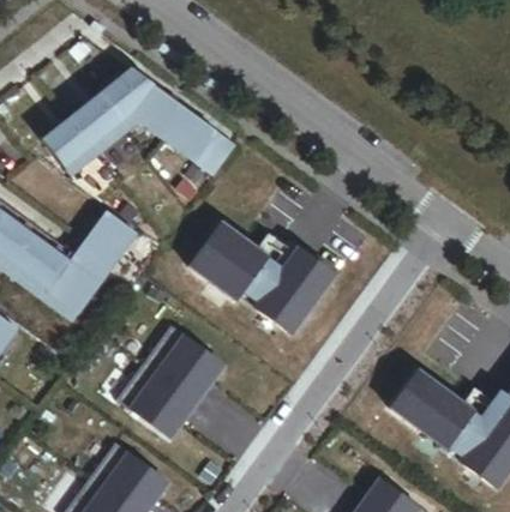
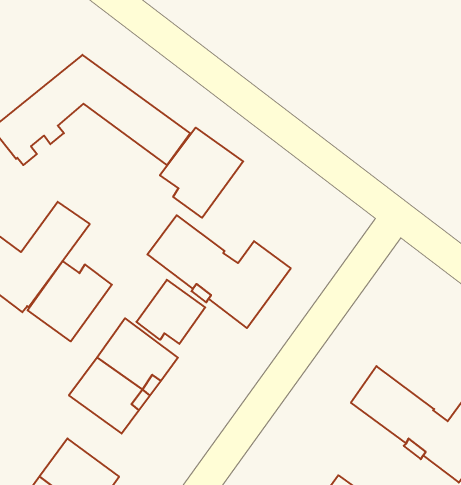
building: none -> [160,128,243,218]
building: none -> [28,261,112,341]
building: none -> [136,280,205,344]

